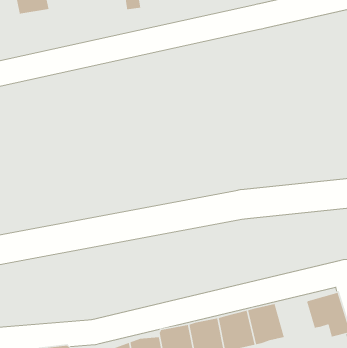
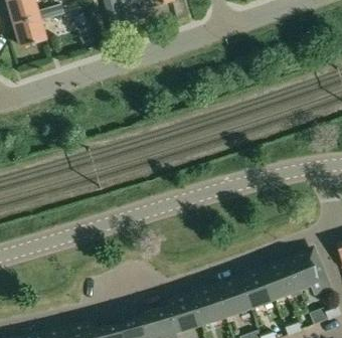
building: none -> [263,259,300,297]

